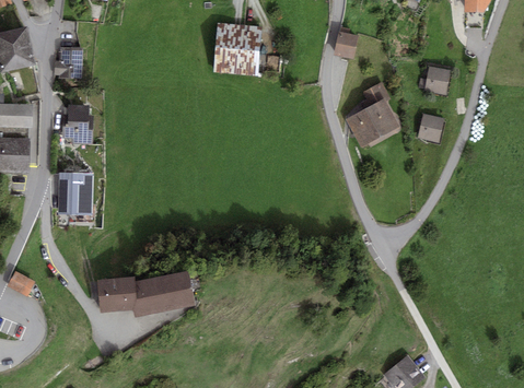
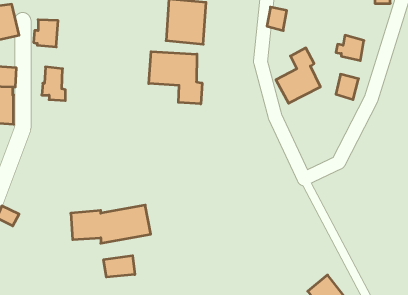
building: none -> [149,52,202,104]
building: [68,171,90,210] -> none
building: none -> [104,256,135,277]

